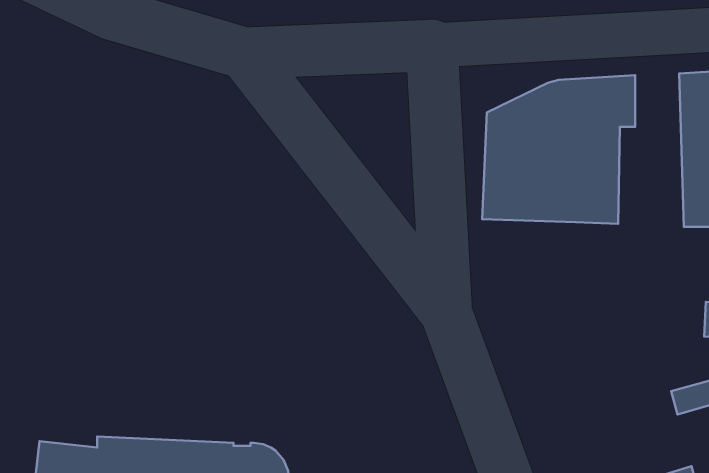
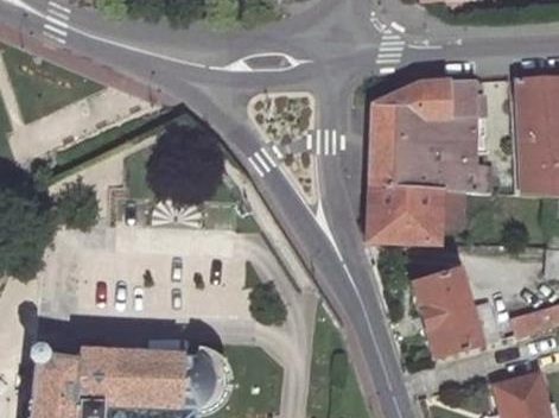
building: none -> [369,186,443,245]
building: none -> [412,268,507,359]

